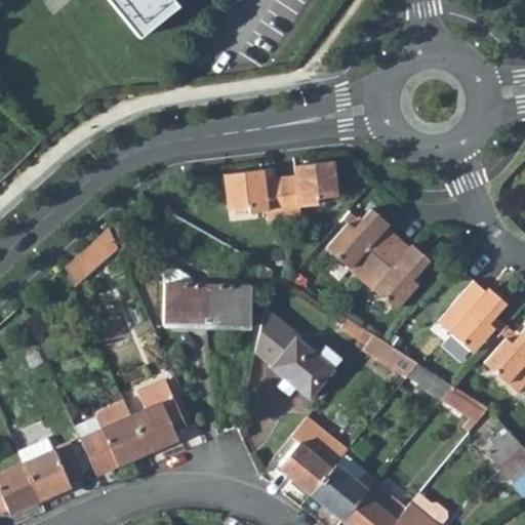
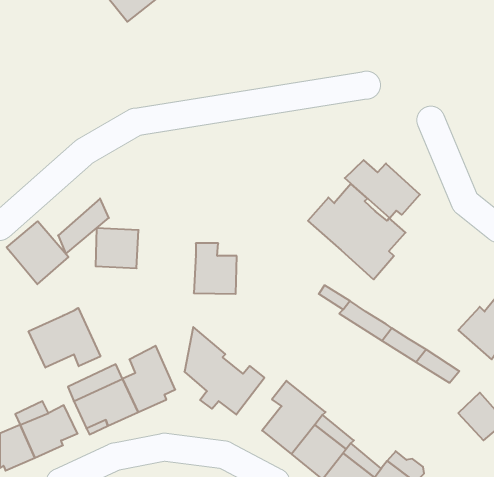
building: [221,162,335,223] -> none
building: none -> [345,160,420,218]
building: none -> [7,221,68,284]
building: [440,282,509,354] -> none
building: [165,283,210,325] -> [96,228,139,268]
building: [254,306,338,398] -> [184,327,264,415]
building: none -> [29,308,100,368]

